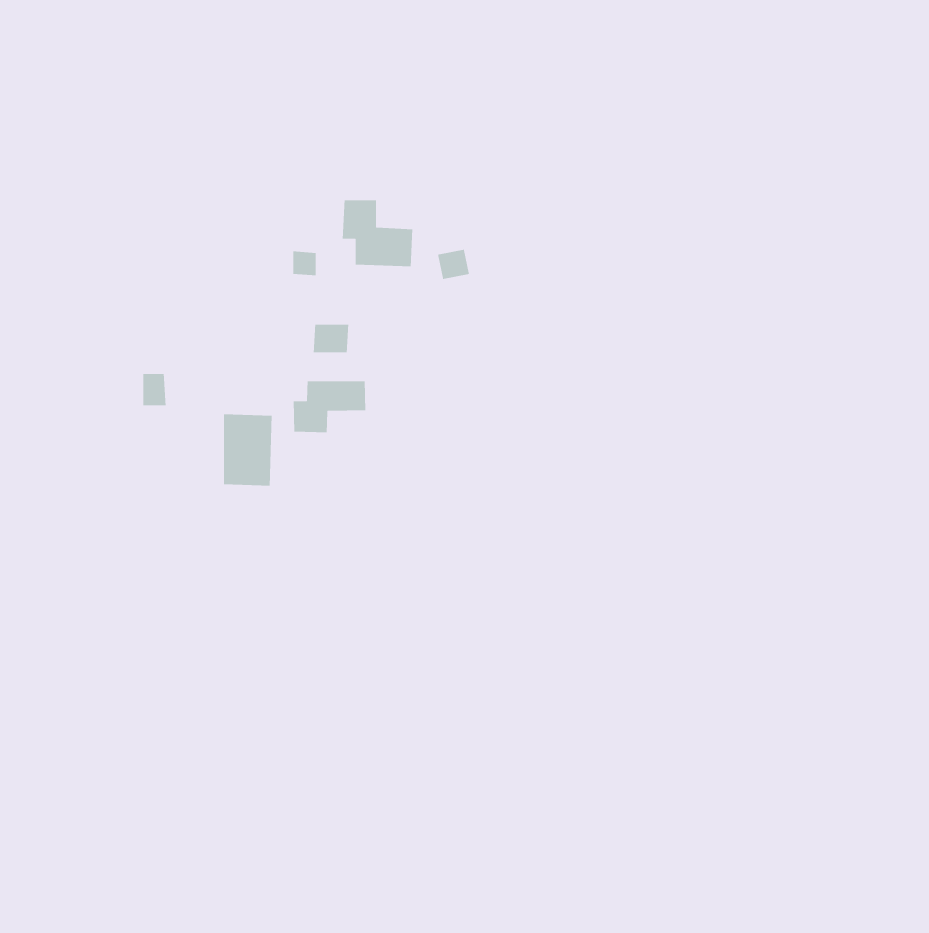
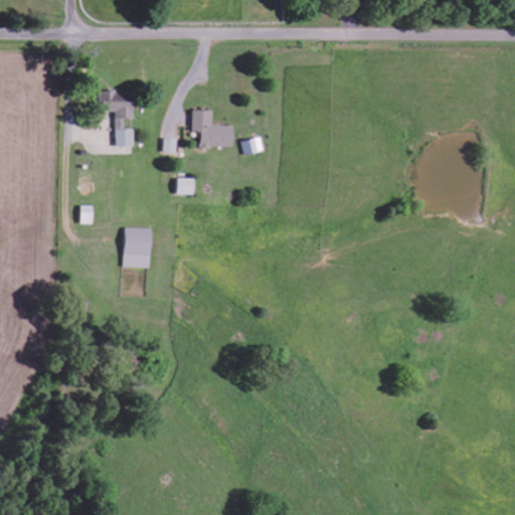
building: none -> [98,91,135,147]
building: [293,380,366,433] -> none

